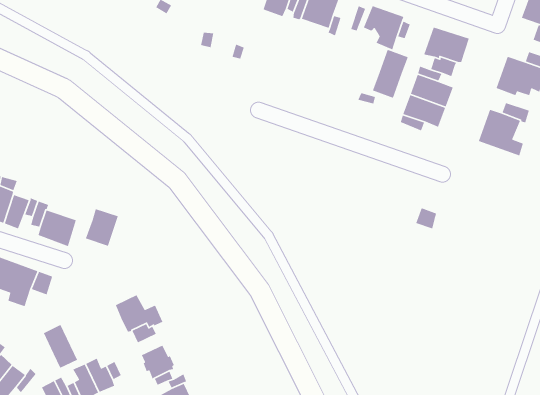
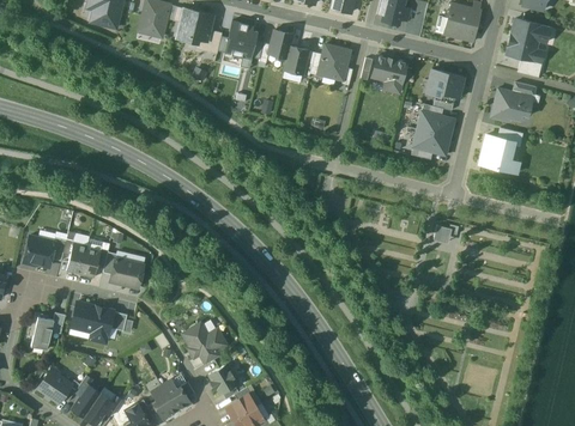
building: [372,49,409,99] -> none
building: [85,208,119,247] -> none
building: [43,324,78,369] -> none

